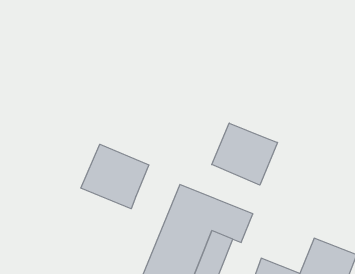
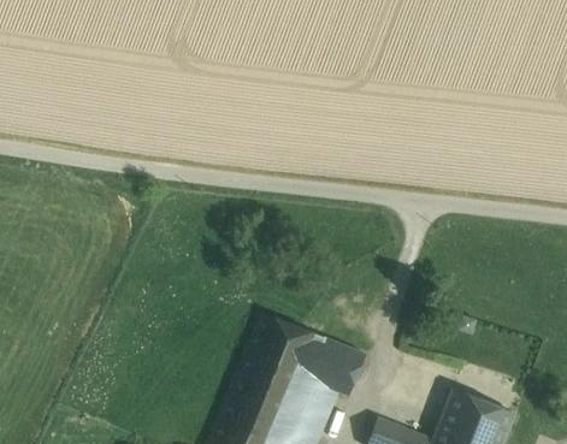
building: [212,123,277,185] -> none
building: [81,144,149,209] -> none

